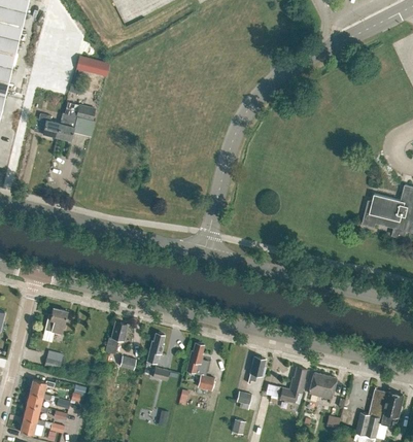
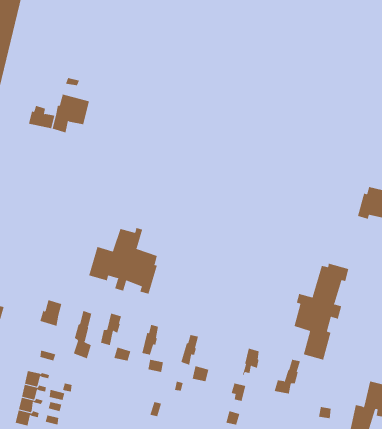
building: [79,58,113,75] -> none
building: none -> [88,227,158,295]
building: none -> [294,263,349,360]
building: none -> [73,310,92,359]
building: [308,373,336,400] -> none

